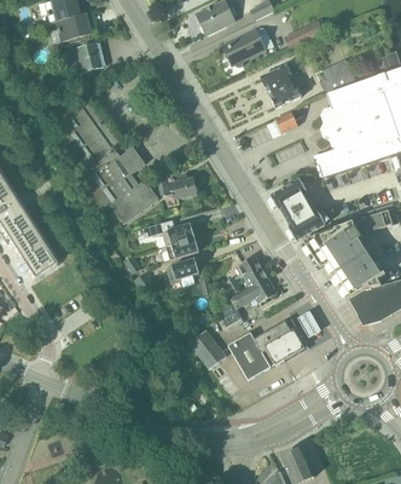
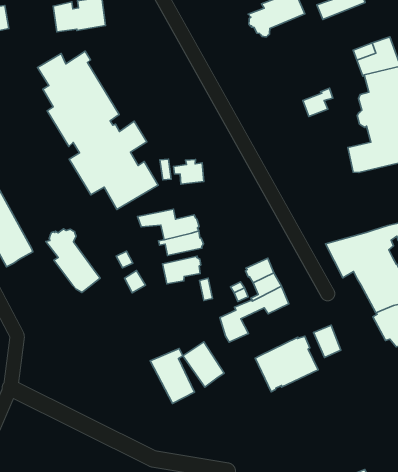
building: [262,62,302,105] -> none
building: [272,178,327,240] -> none
building: none -> [46,229,100,292]
building: [227,332,267,379] -> [150,349,195,403]

